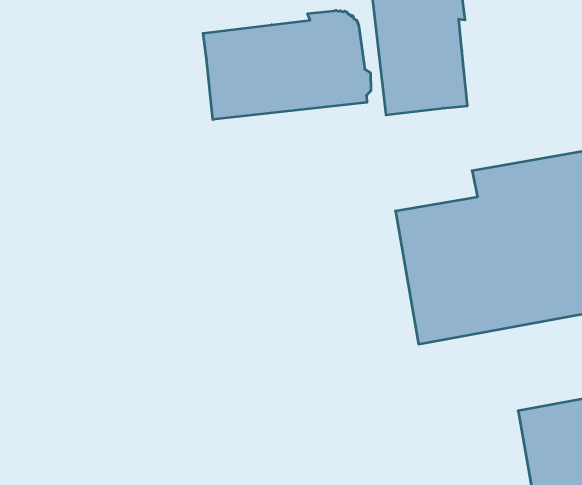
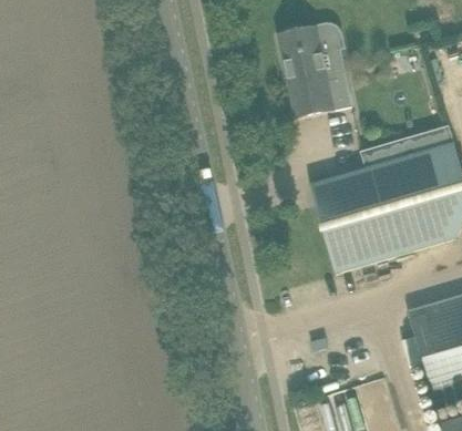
building: [203,10,371,120] -> none

